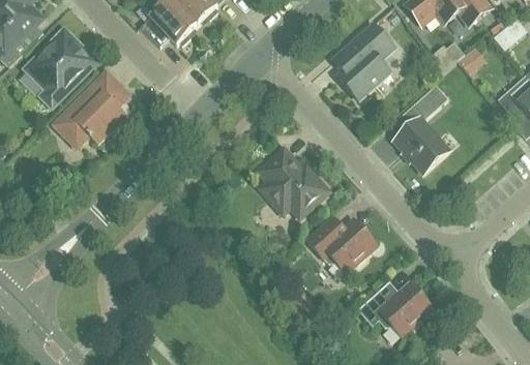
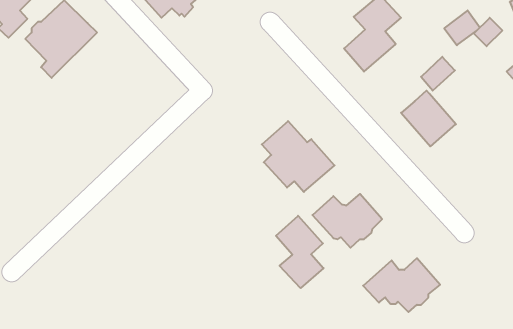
building: [53,69,129,146] -> none
building: none -> [276,216,324,288]

